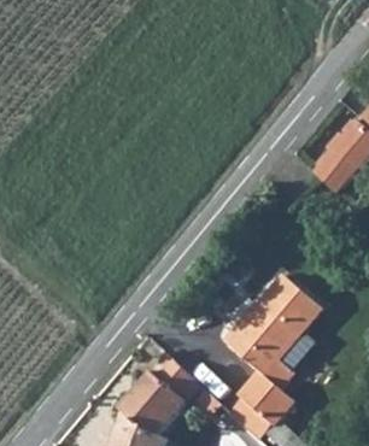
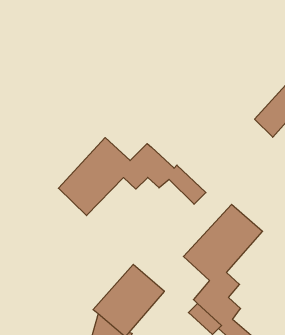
building: none -> [58,138,206,216]

